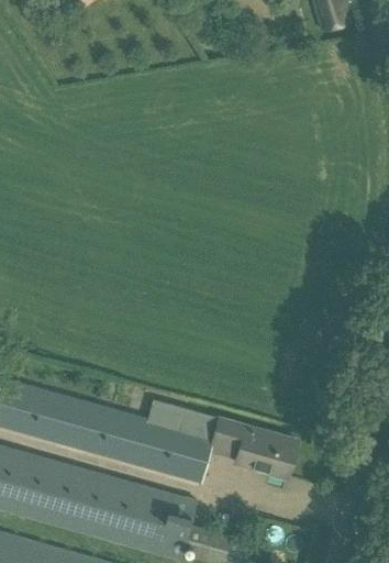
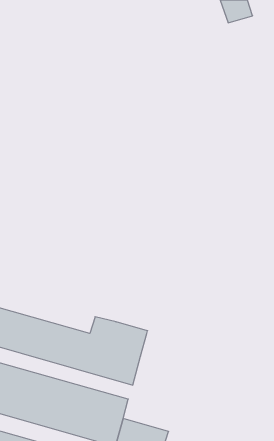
building: [213,419,299,477] -> none

